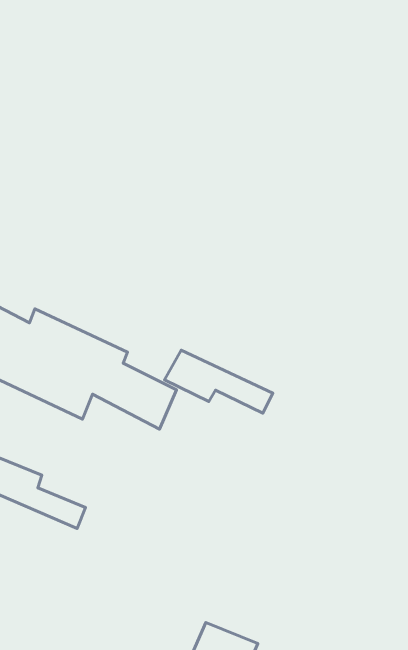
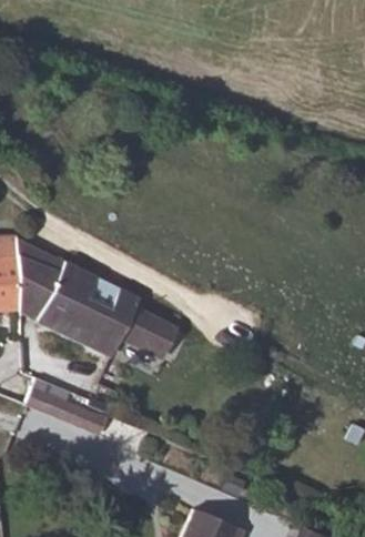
building: [164,350,273,413] -> none

